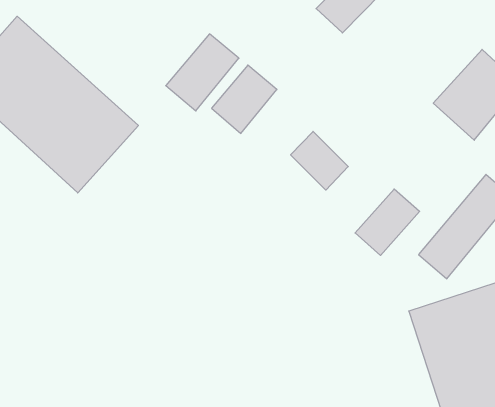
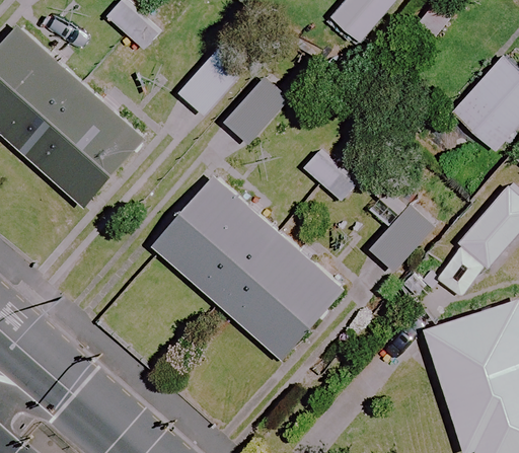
building: none -> [156,178,344,360]

